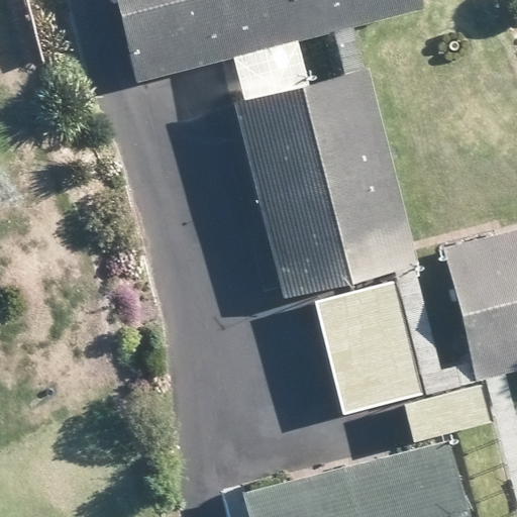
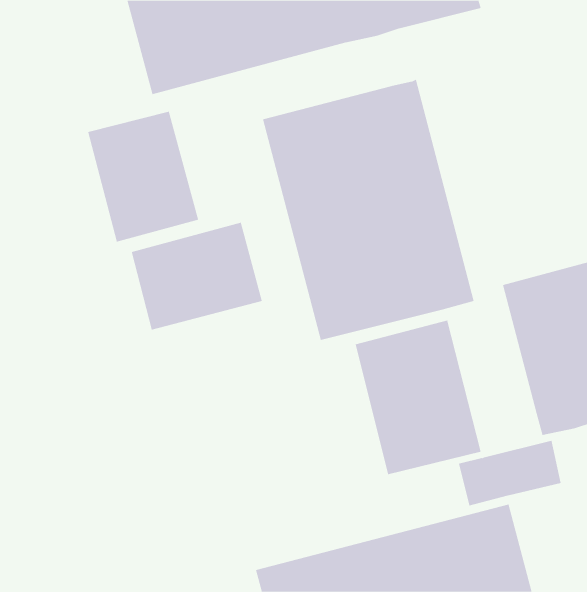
building: none -> [87,111,199,242]
building: none -> [131,222,263,331]

